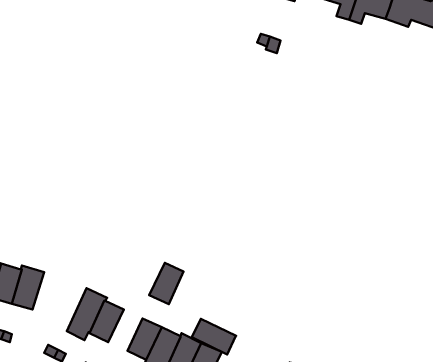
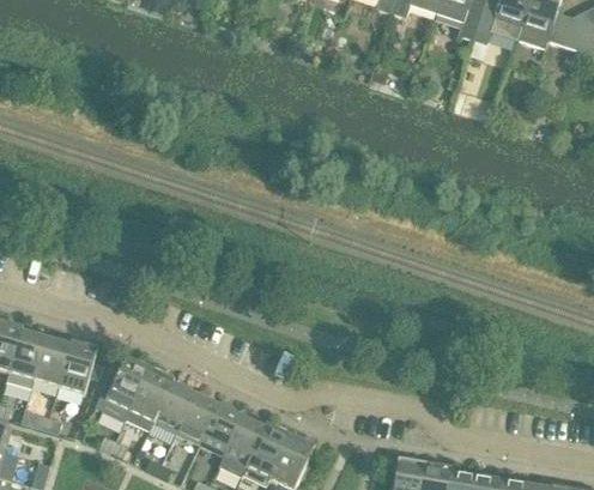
building: [149,263,183,304] -> [177,394,219,444]
building: none -> [95,357,151,422]
building: [192,319,236,354] -> none

